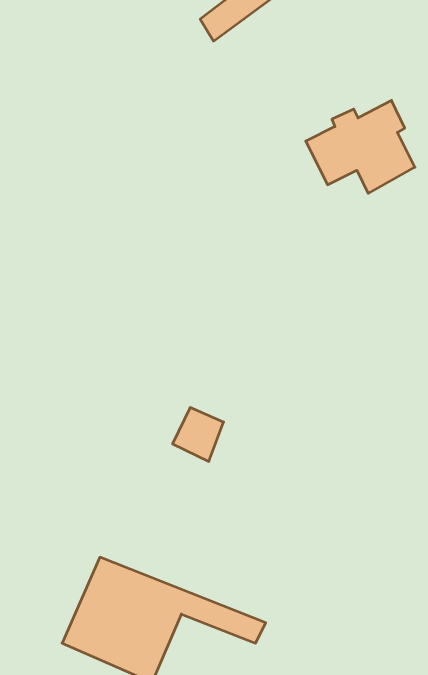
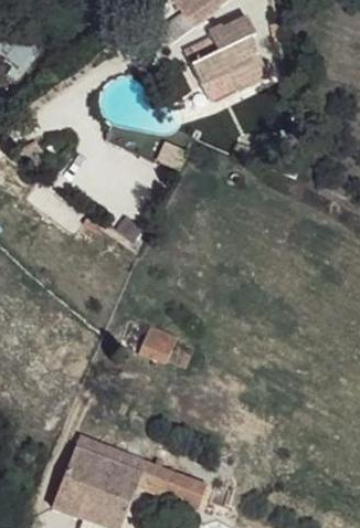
building: [306,100,415,193] -> [183,19,266,89]

